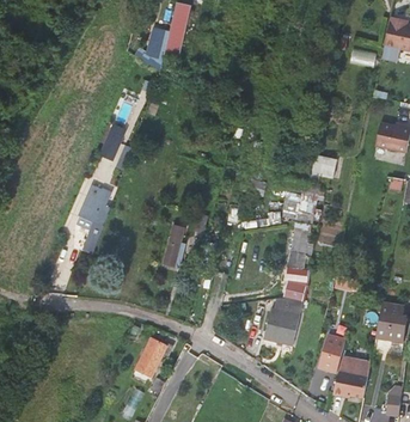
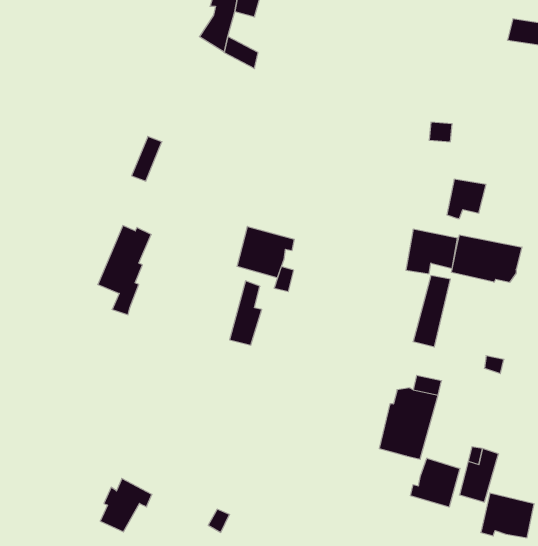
building: none -> [237,226,294,278]
building: none -> [451,235,522,282]
building: [136,337,171,373] -> [100,478,152,532]
building: none -> [411,458,460,507]

